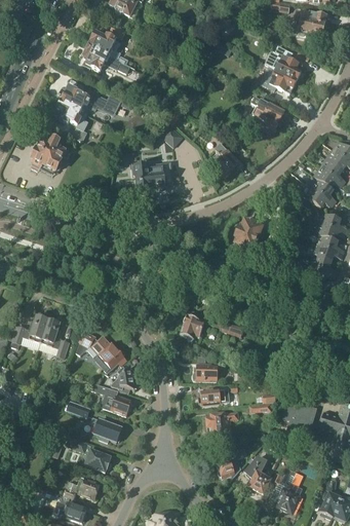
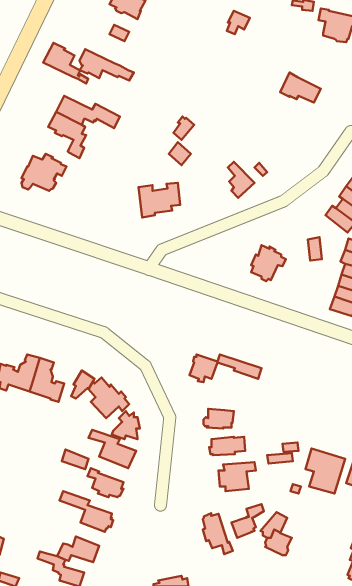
building: [88,28,128,64] -> [43,43,88,83]
building: [265,43,304,80] -> none
building: [251,96,284,128] -> none
building: none -> [203,513,233,554]
building: [274,467,304,514] -> none

